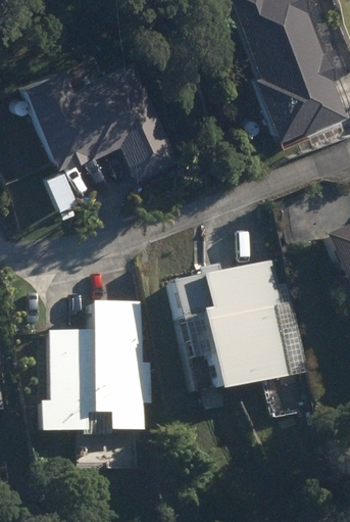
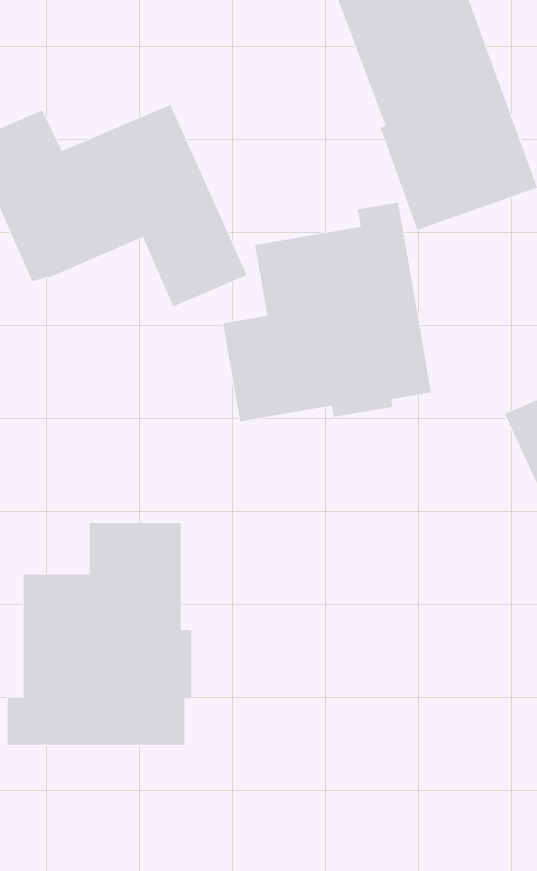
building: none -> [223,202,431,422]
building: [167,263,289,391] -> none

